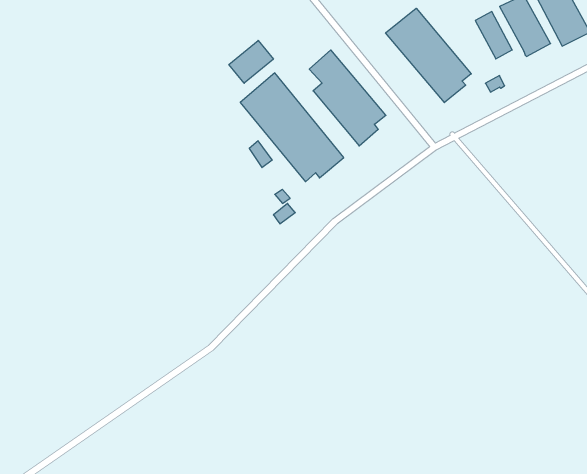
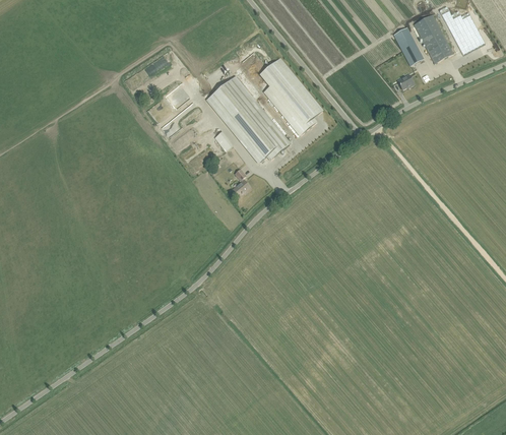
building: [386,8,471,103] -> none
building: [229,40,273,83] -> none

